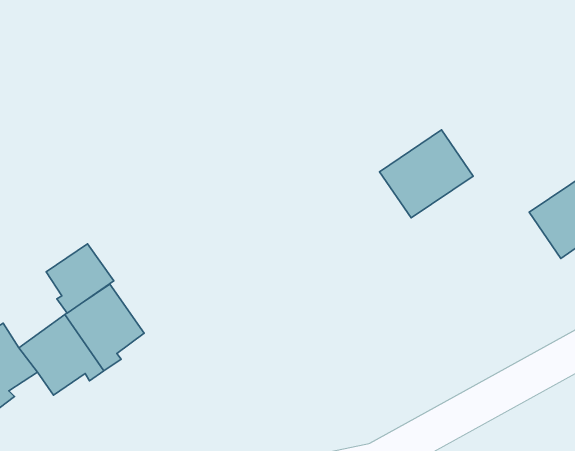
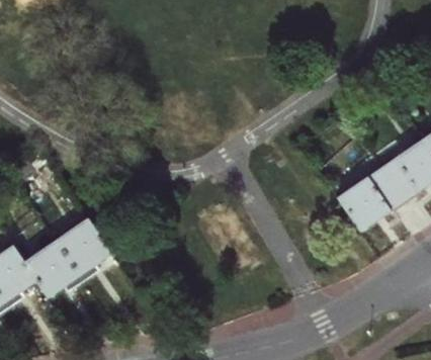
building: [379,130,473,218] -> [337,170,403,232]
building: [46,244,114,313] -> none

